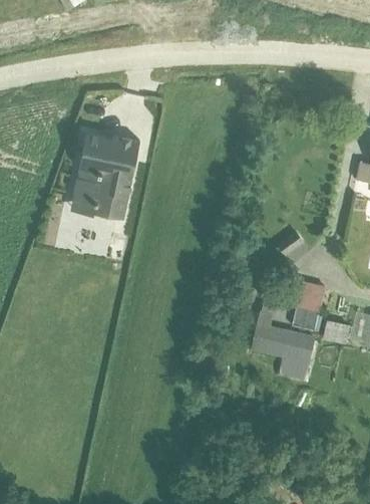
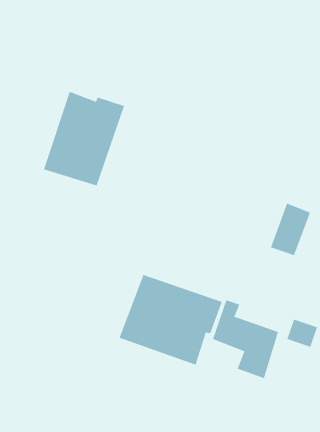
building: [291,281,325,330] -> [270,203,311,256]
building: none -> [119,274,222,366]

